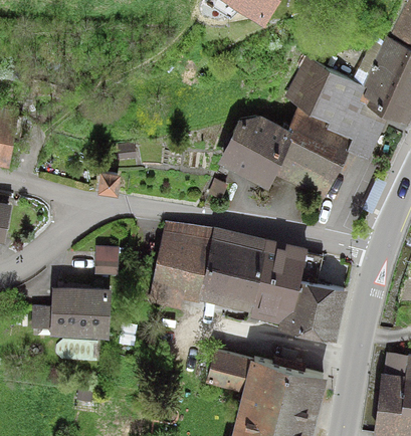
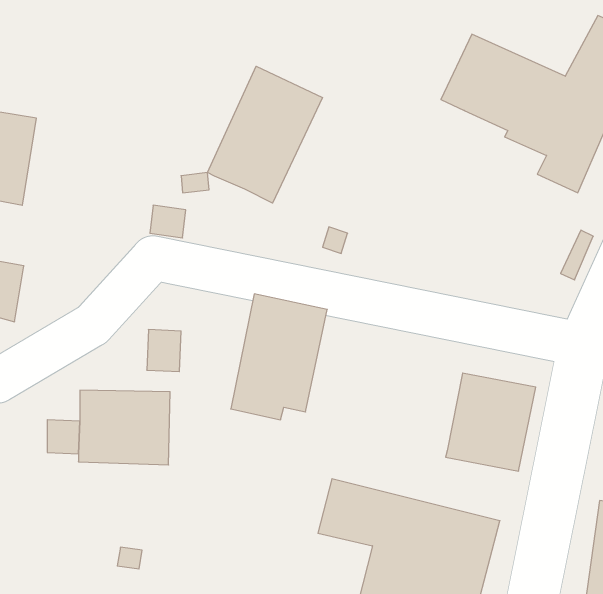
building: none -> [207,66,323,203]
building: [221,105,354,201] -> none
building: [198,234,304,325] -> none

